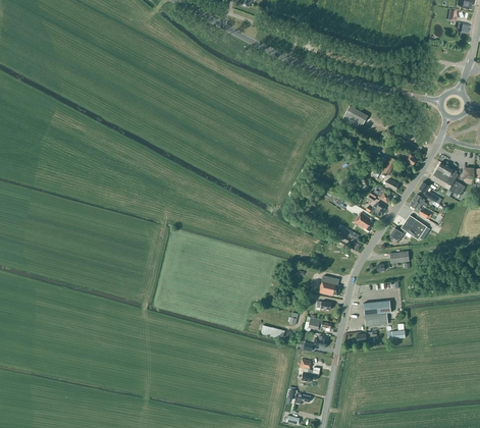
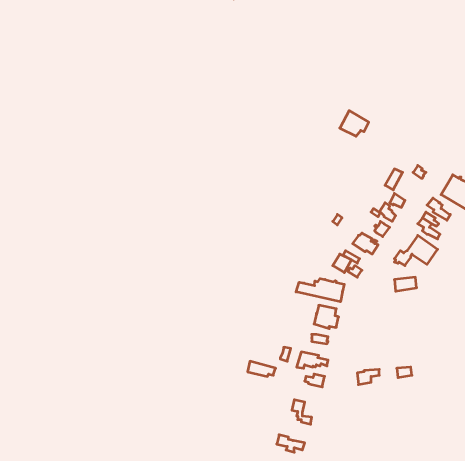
building: none -> [296,279,344,302]
building: [363,301,391,326] -> none

